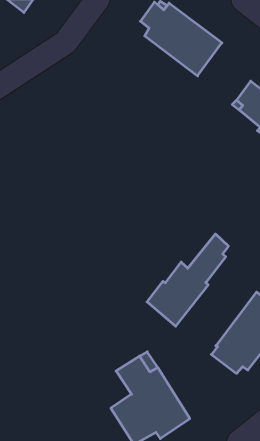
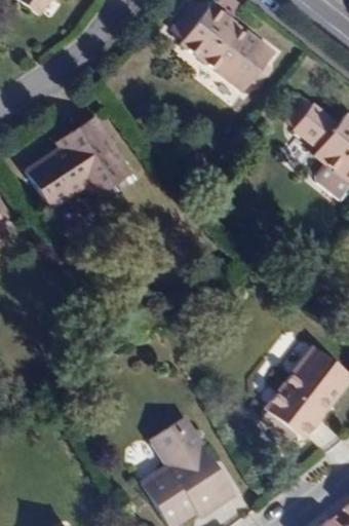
building: none -> [26,116,133,211]
building: [147,234,228,326] -> none

